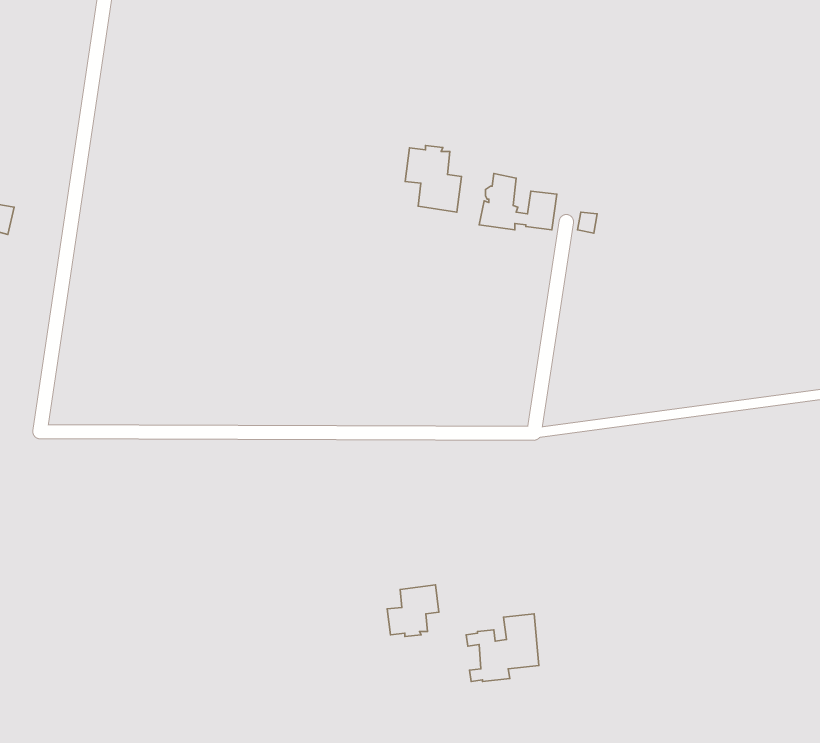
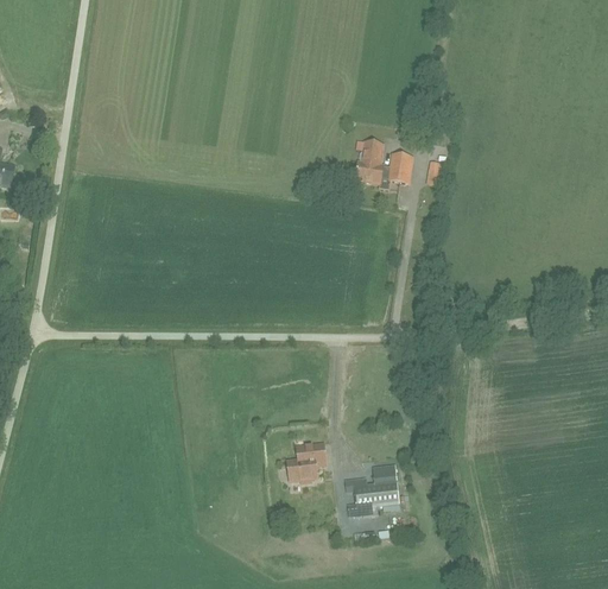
building: [405,146,461,212] -> none

